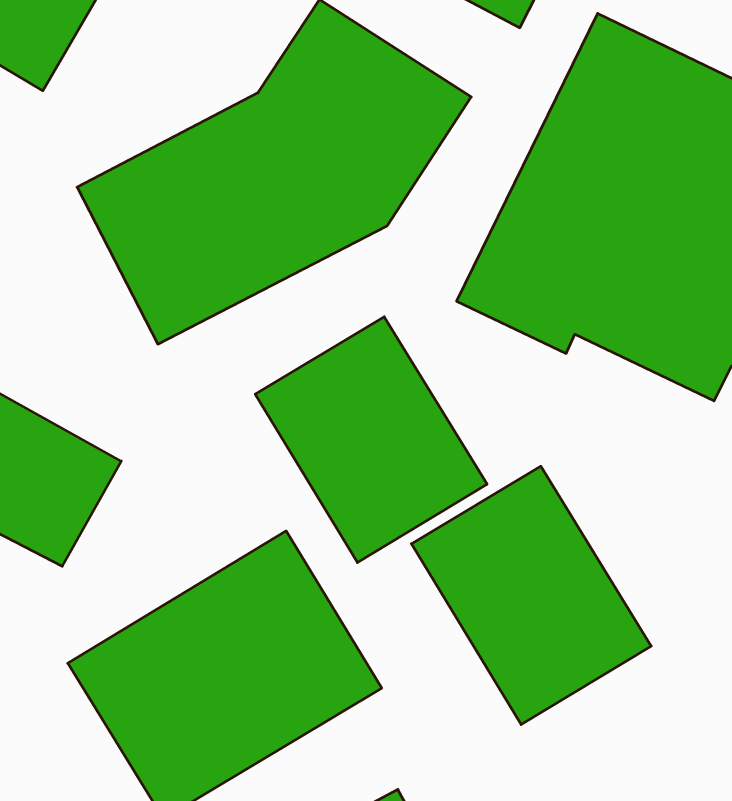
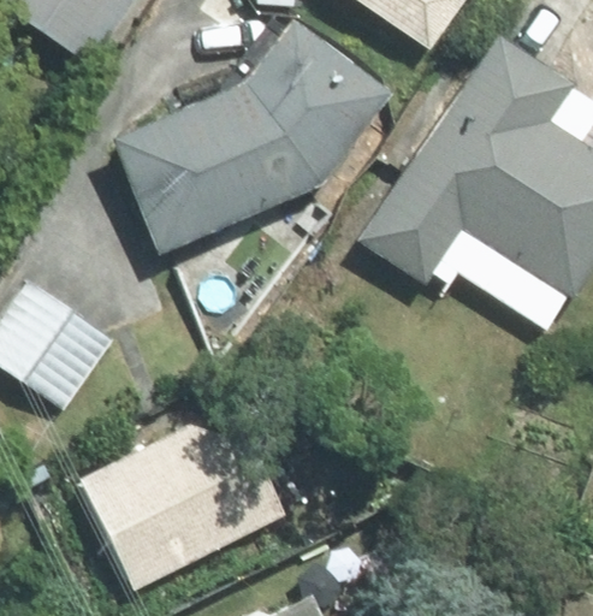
building: [255,317,487,563] -> none
building: [411,466,651,725] -> none

